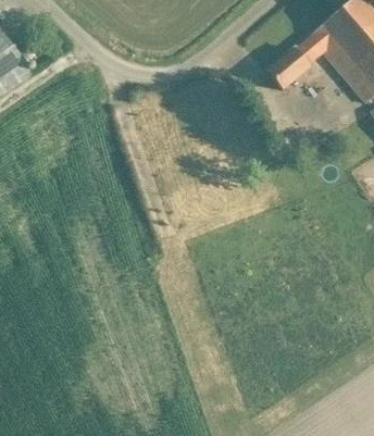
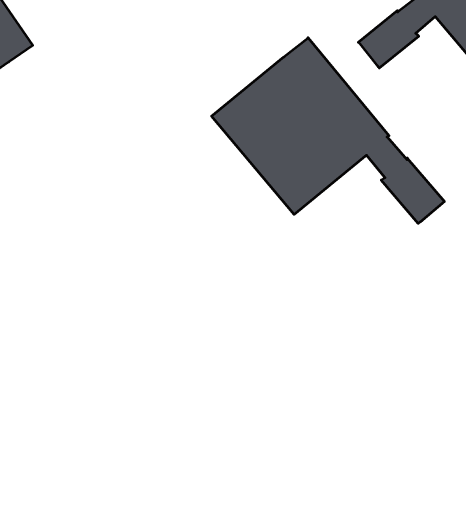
building: none -> [212,38,444,223]

